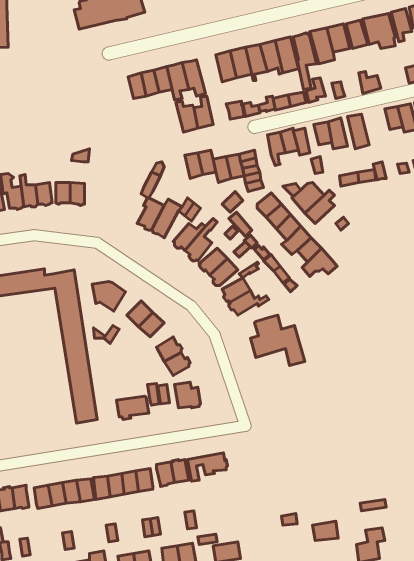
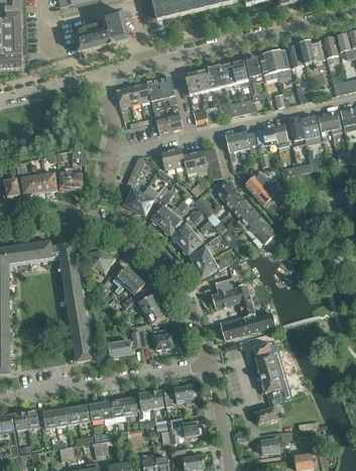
building: none -> [299,116,320,144]
building: none -> [220,312,274,340]
building: none -> [253,341,291,424]
building: none -> [169,417,199,437]

